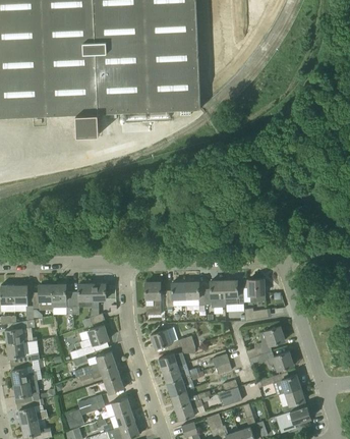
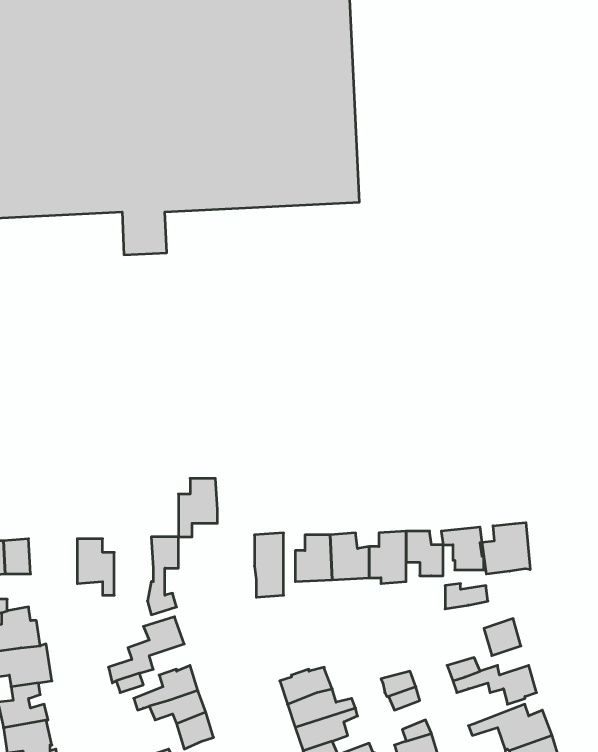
building: none -> [482,523,530,574]
building: [72,283,93,314] -> [178,478,217,537]
building: [33,284,53,310] -> none
building: [151,329,195,349] -> none

